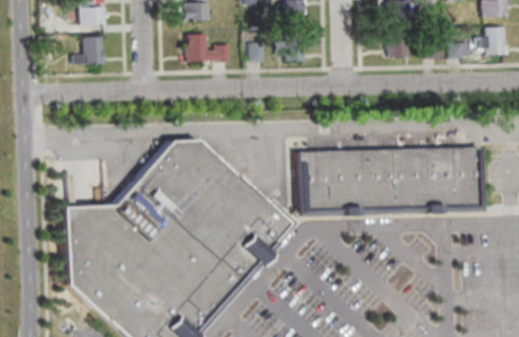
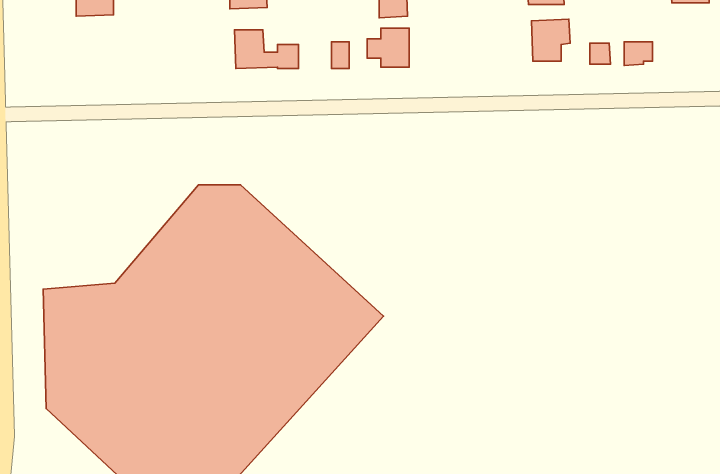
building: [480,25,507,52] -> none
building: [72,36,102,61] -> none
building: [299,147,481,211] -> none

